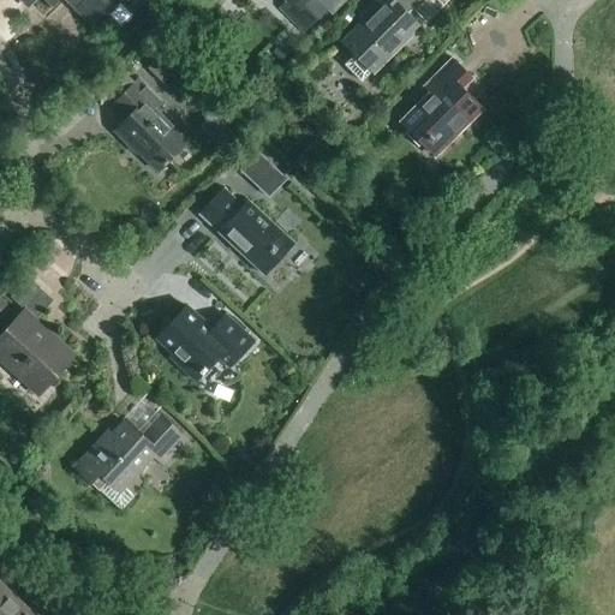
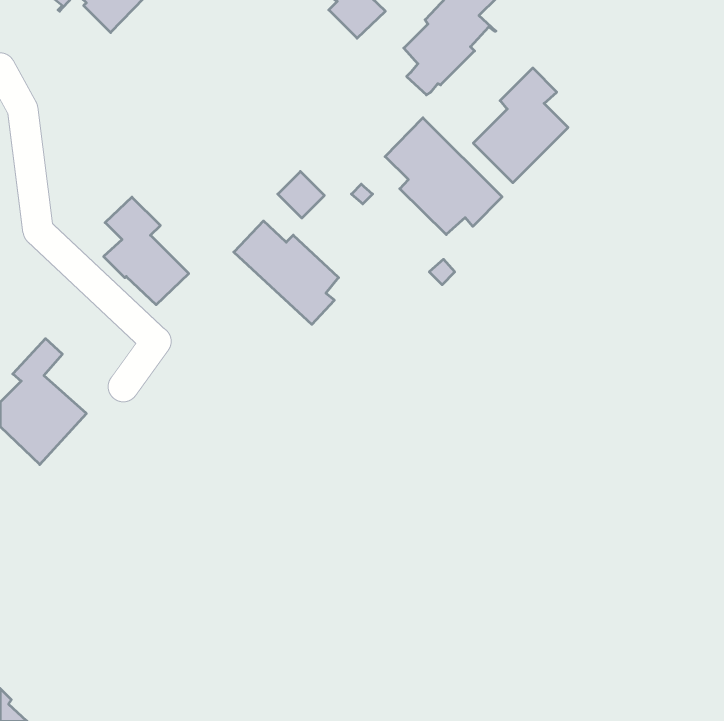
building: [114,79,186,171] -> [104,197,189,305]
building: none -> [385,118,502,235]
building: [157,306,252,380] -> none
building: [76,416,185,490] -> none

